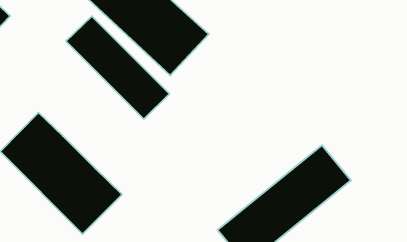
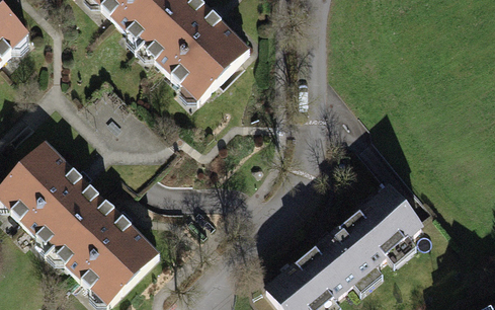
building: [66,16,169,119] -> none

